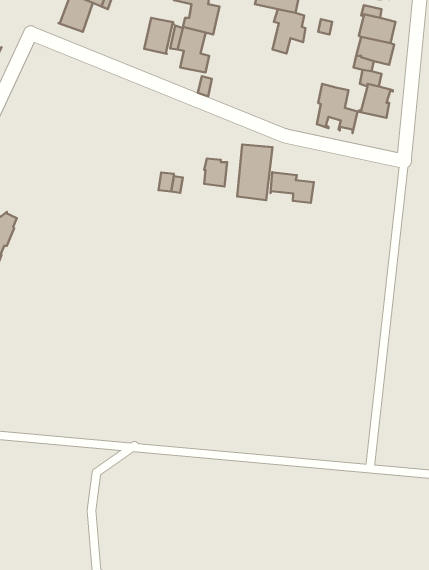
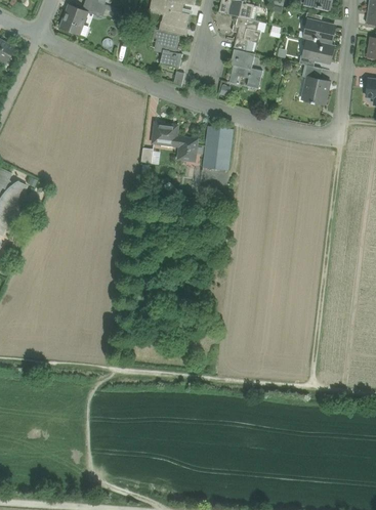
building: [144,18,173,54] -> none
building: [317,84,357,133] -> [228,49,261,89]
building: none -> [153,124,176,145]
building: [270,172,314,203] -> none

